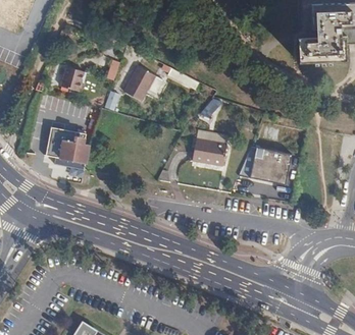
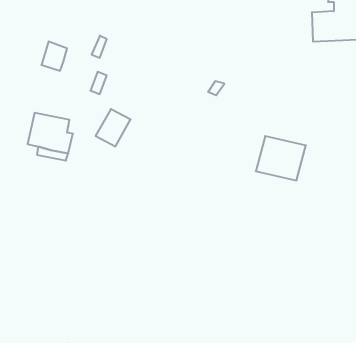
building: [123,66,154,99] -> [96,109,131,146]
building: [190,138,223,166] -> none

